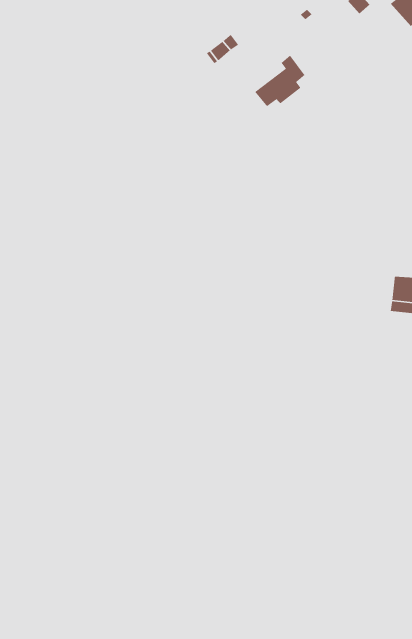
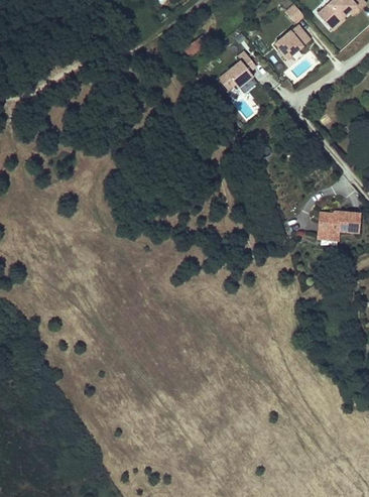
building: none -> [275,24,310,57]

